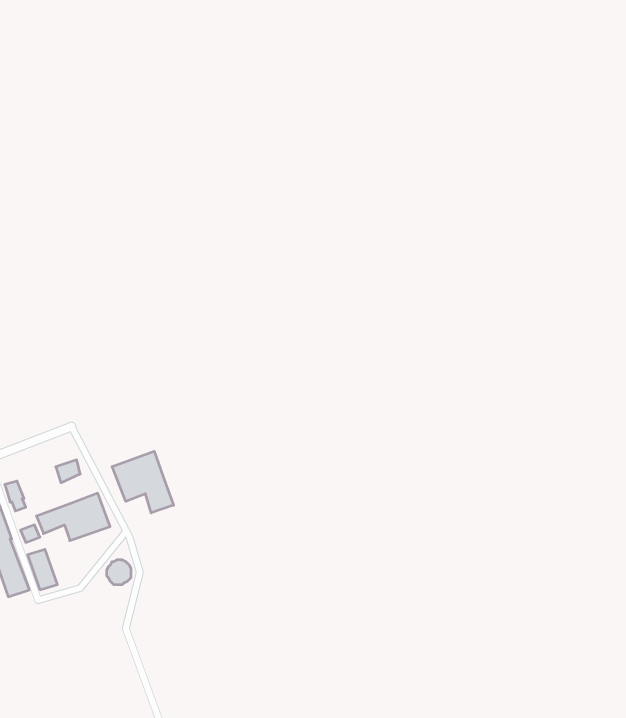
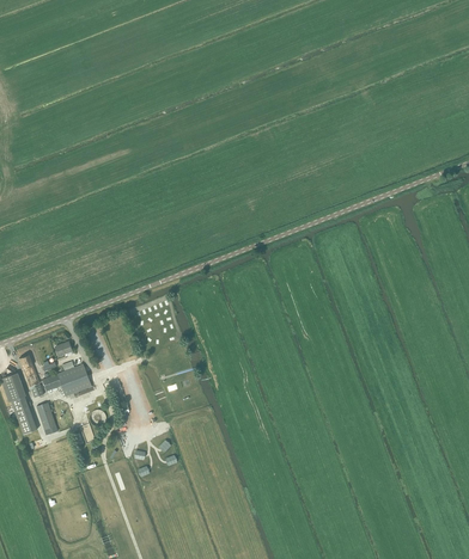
building: [112,451,174,513] -> none

